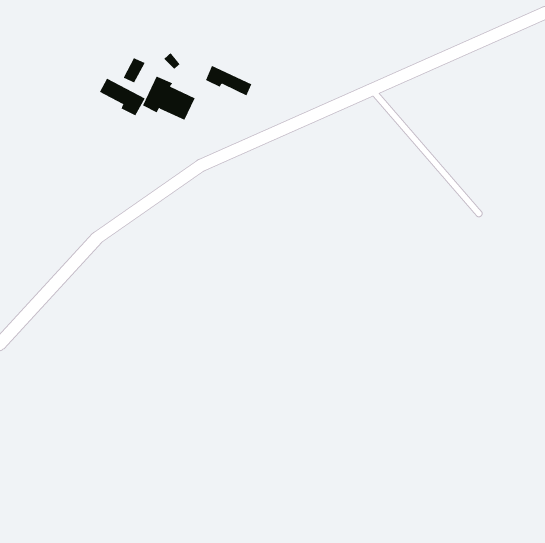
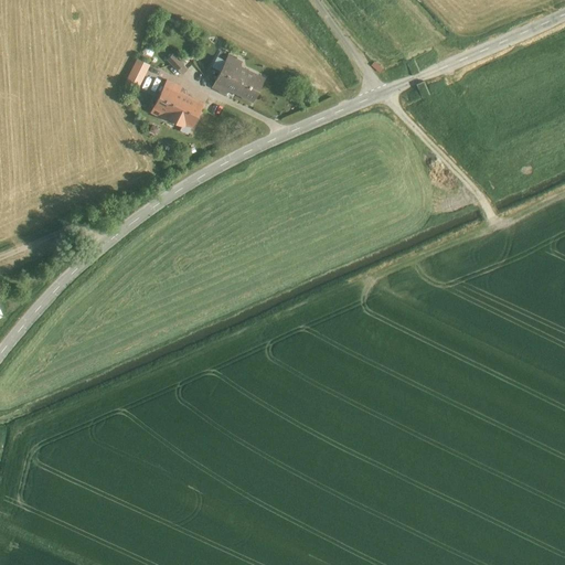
building: none -> [218,54,266,89]
building: [99,78,146,116] -> none

